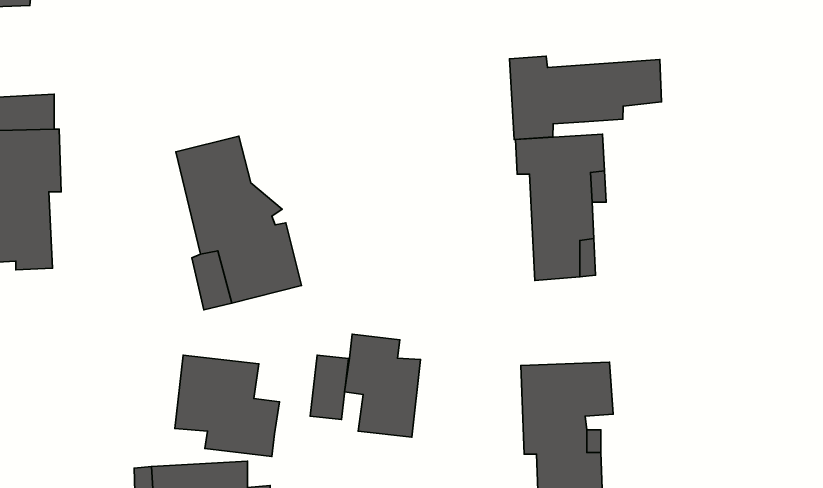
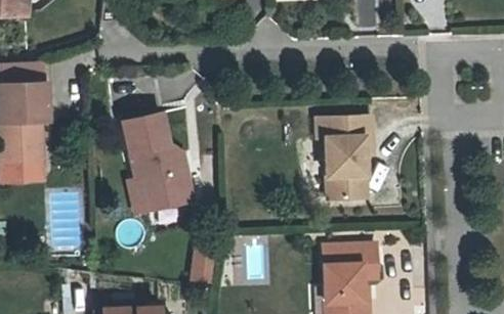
building: [509,56,661,140] -> none
building: [345,334,421,437] -> none
building: [175,355,280,456] -> none

